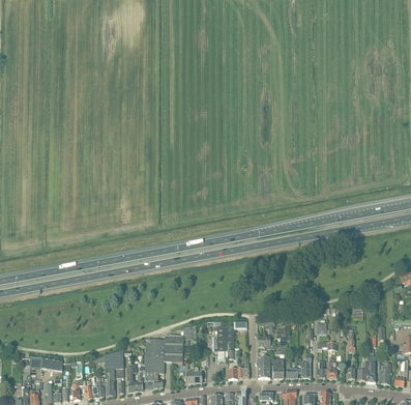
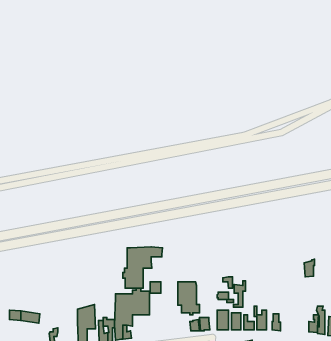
building: none -> [123,247,163,288]

